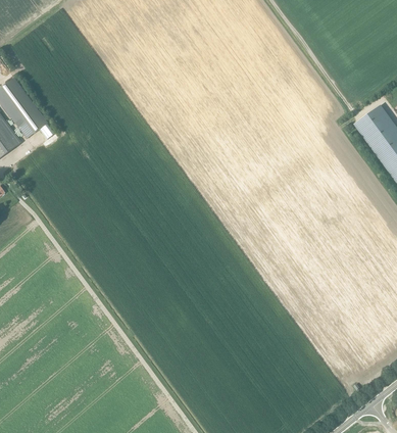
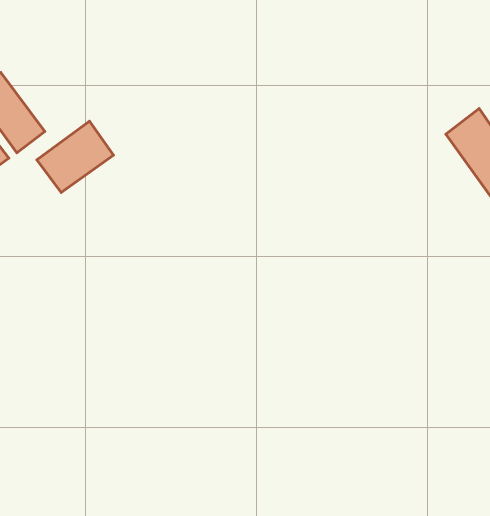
building: none -> [37,121,114,192]

